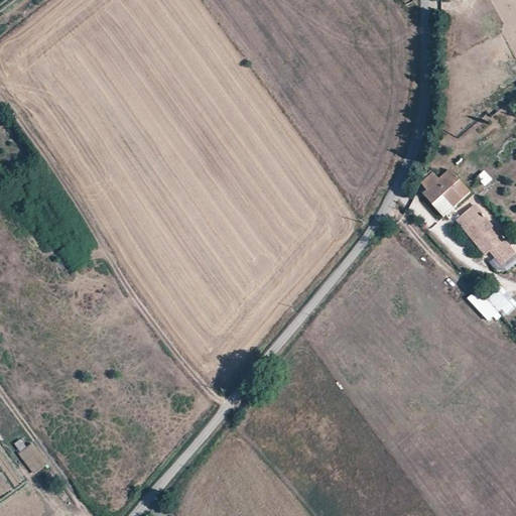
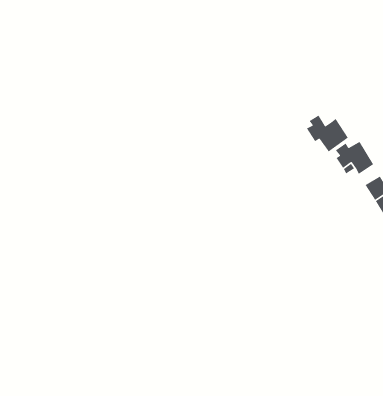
building: none -> [306,114,349,153]

